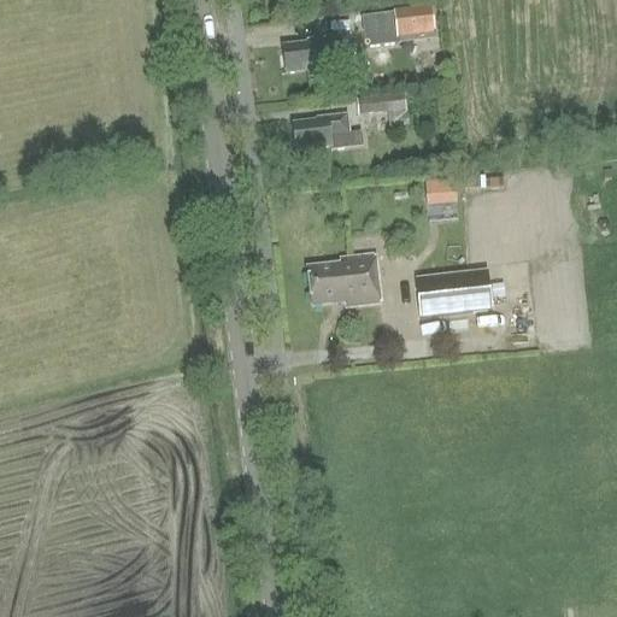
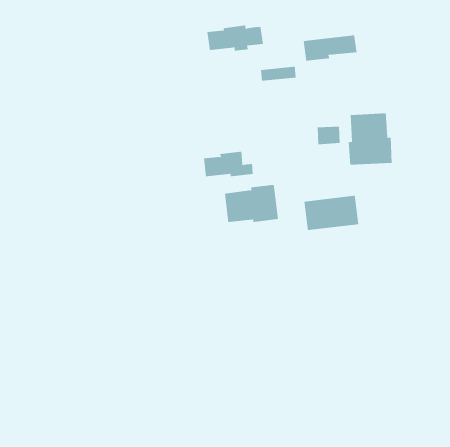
building: [359,6,434,42] -> [303,35,358,61]
building: [293,112,362,147] -> [203,151,254,177]
building: none -> [348,113,392,166]

